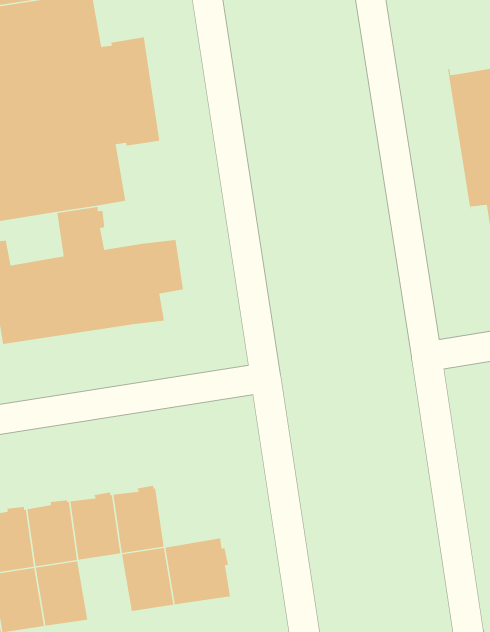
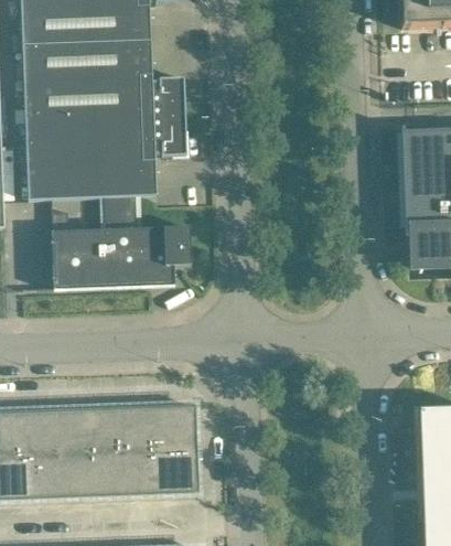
building: none -> [153,405,198,450]
building: none -> [90,451,125,496]

